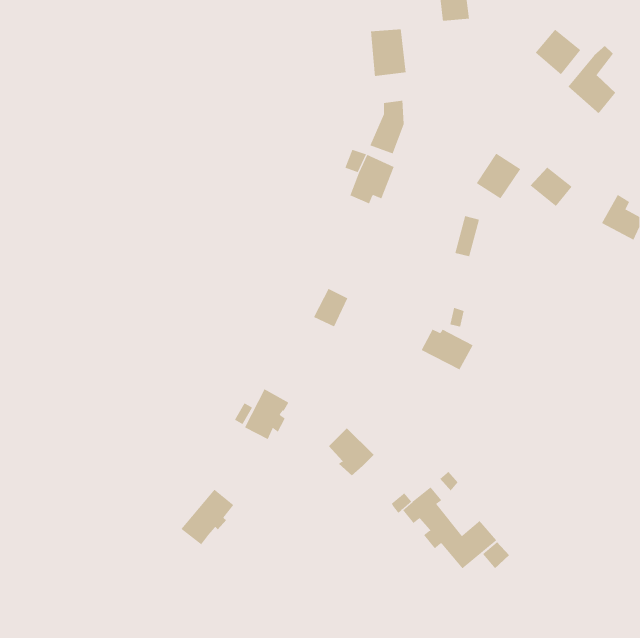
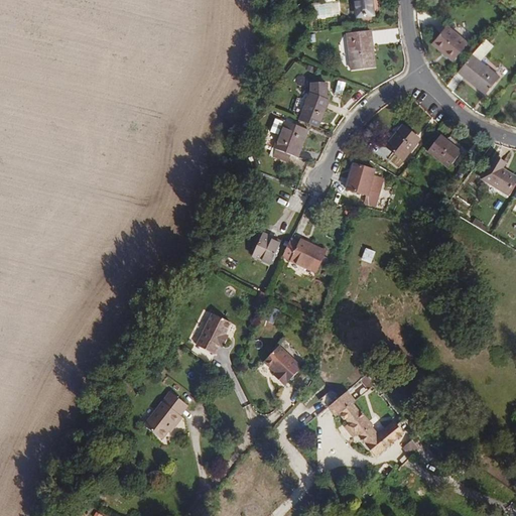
building: [370,29,407,76] -> [346,29,375,68]
building: none -> [345,163,374,196]
building: [421,329,474,370] -> [282,237,325,270]

